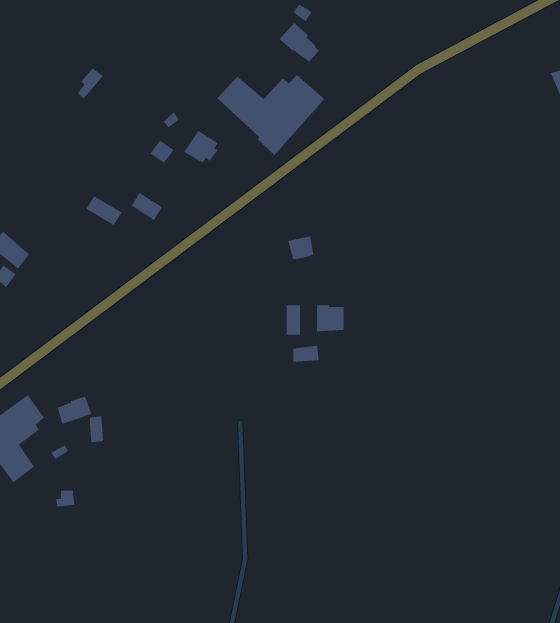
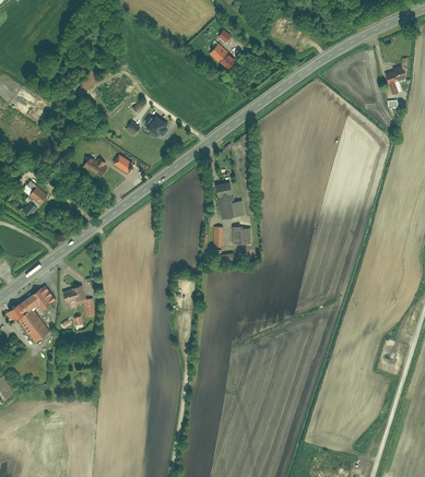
building: [216,74,325,156] -> none
building: none -> [217,195,244,219]

